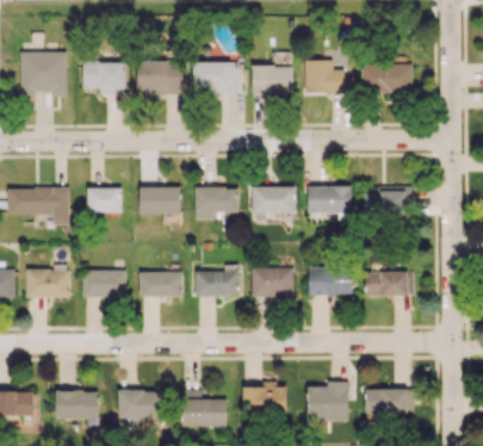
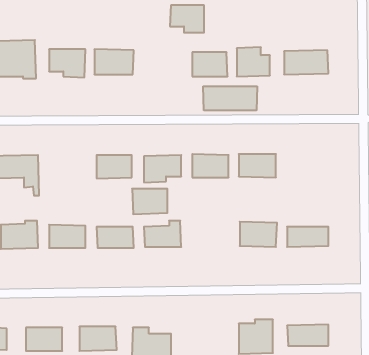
building: [193,62,234,94] -> [170,5,204,33]
building: none -> [203,86,257,110]
building: [363,186,407,216] -> none
building: [87,188,123,213] -> none
building: [252,267,293,297] -> [132,189,167,214]
building: [242,384,287,414] -> none

